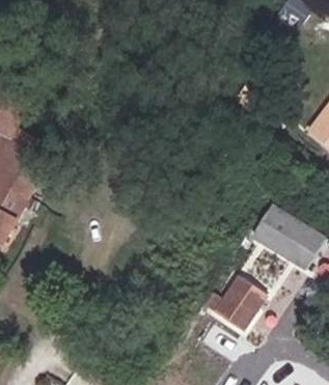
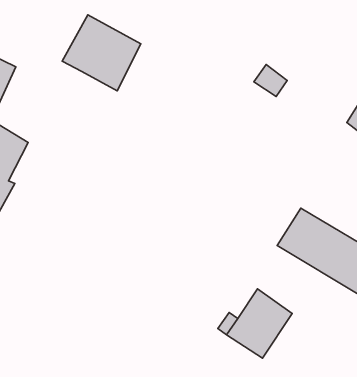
building: none -> [62,15,141,91]

